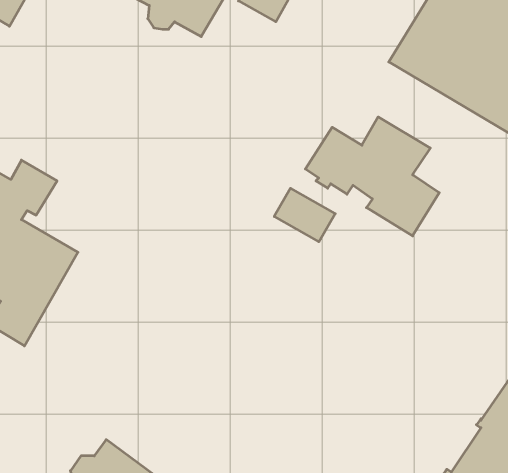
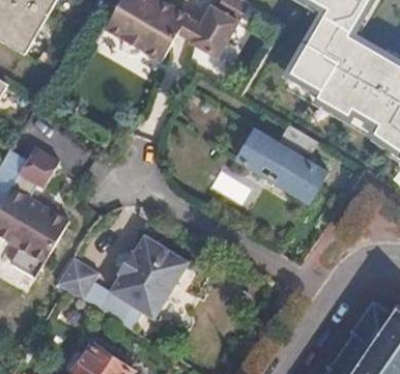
building: none -> [55,239,189,329]

